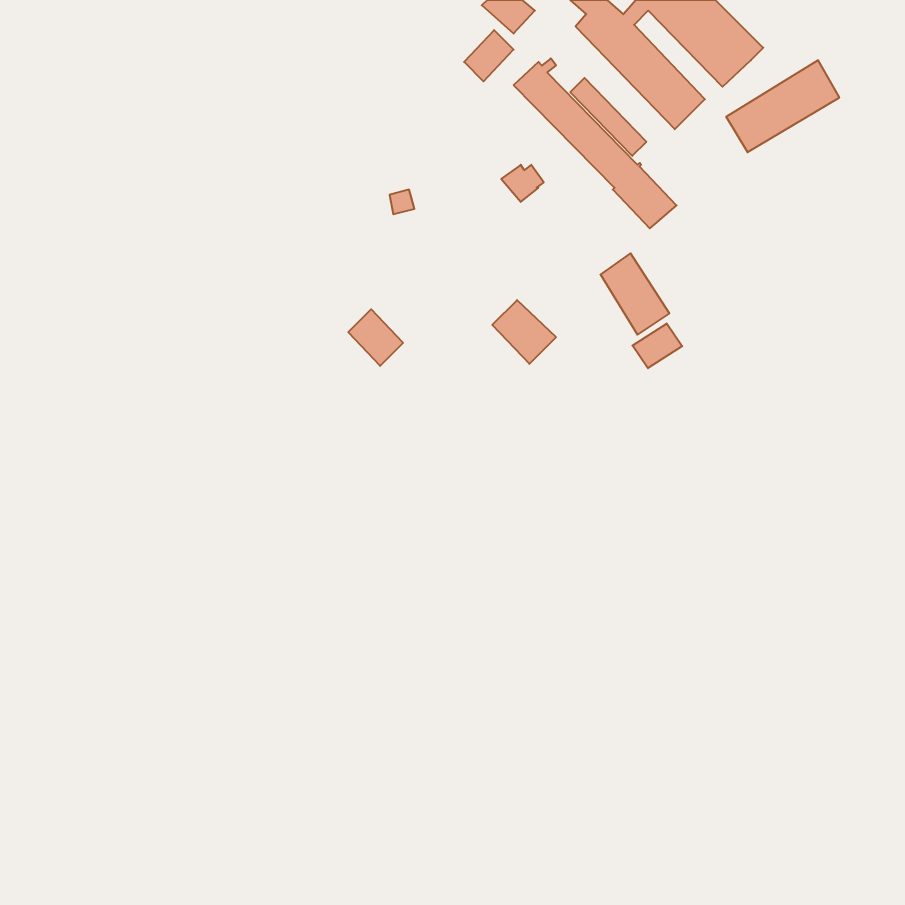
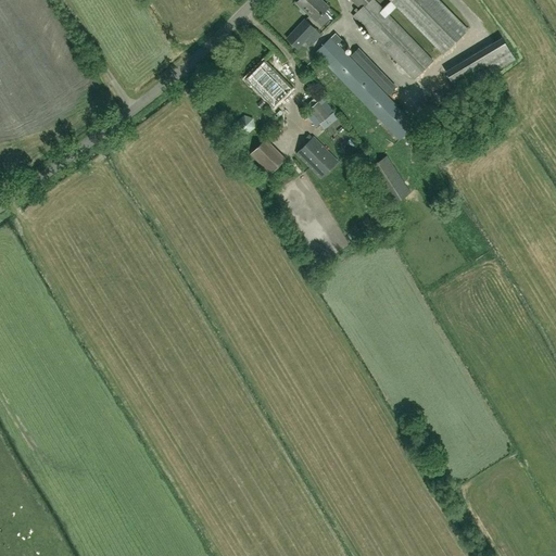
building: none -> [244,61,291,108]
building: [492,300,556,364] -> [298,139,337,178]
building: [348,309,403,366] -> [250,140,283,175]
building: [632,323,682,368] -> none

